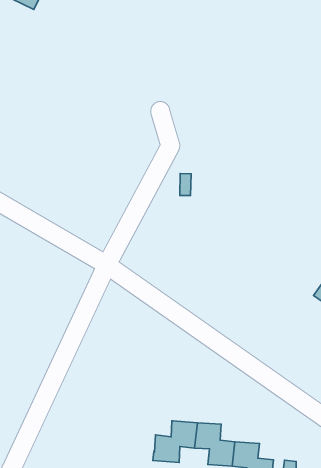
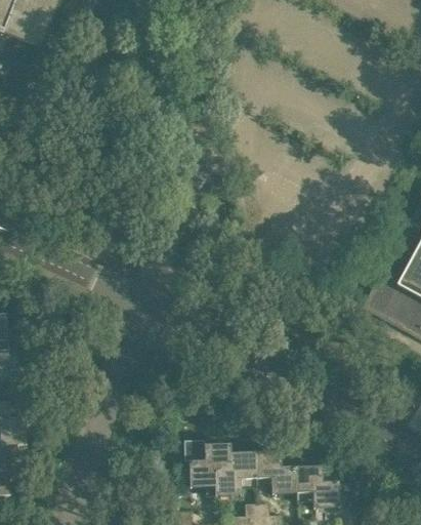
building: none -> [186,441,234,486]

